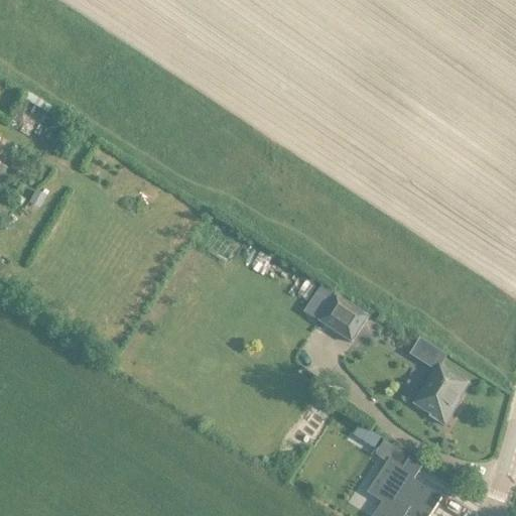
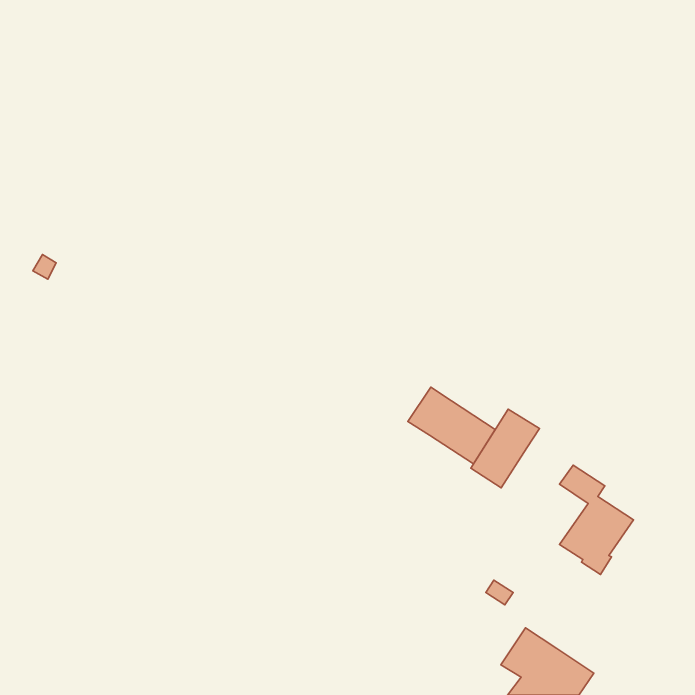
building: none -> [471,409,540,488]
building: [372,438,408,470] -> none

